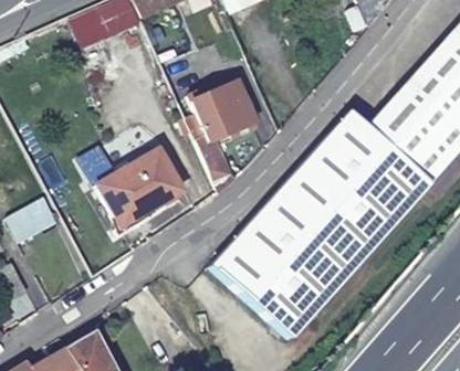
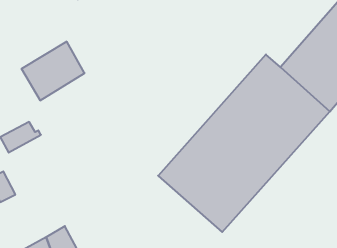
building: [190,81,254,181] -> none
building: [96,148,178,224] -> [21,42,85,100]

